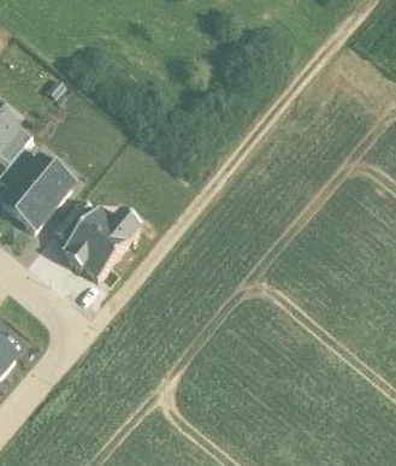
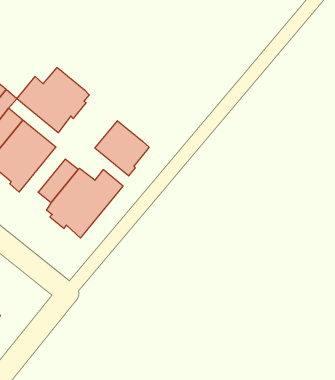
building: none -> [17,68,89,133]
building: none -> [95,121,149,176]

